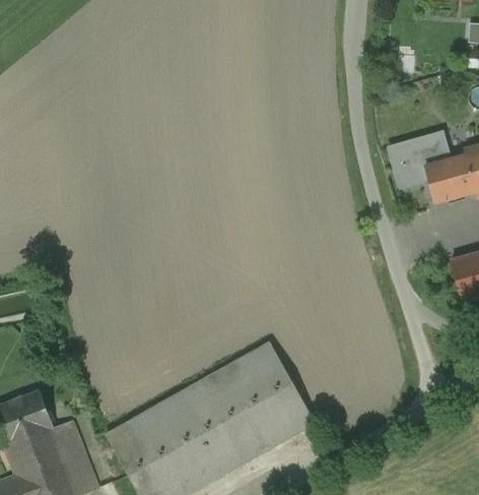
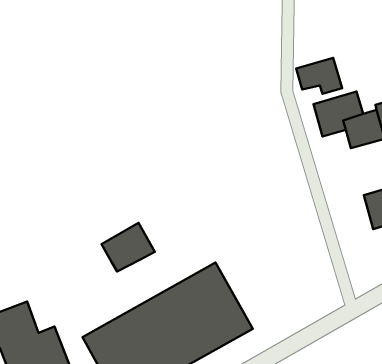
building: none -> [296,58,342,94]
building: none -> [101,223,155,271]

